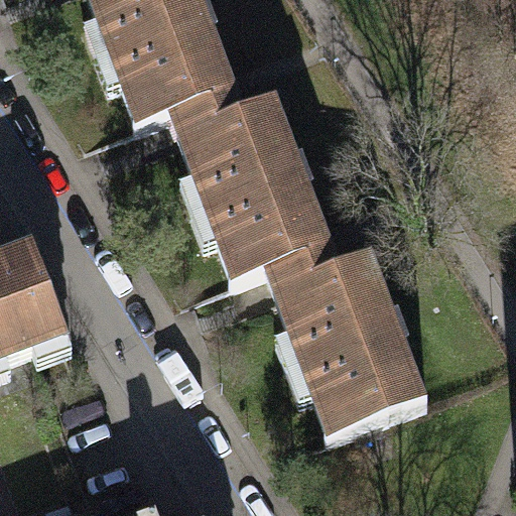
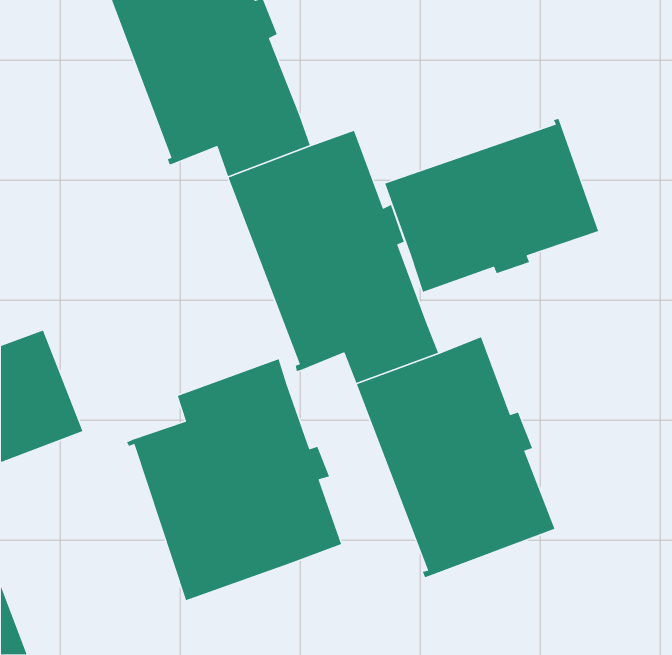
building: none -> [384,118,599,293]
building: none -> [126,358,342,601]

